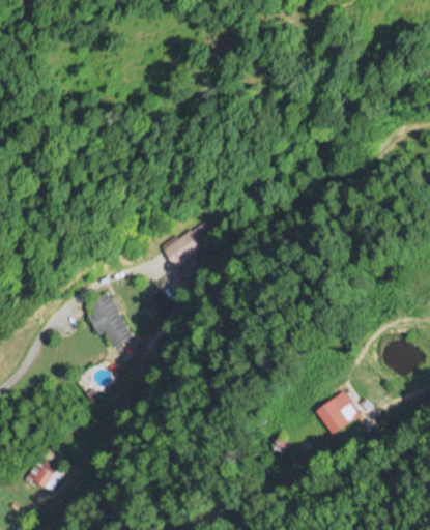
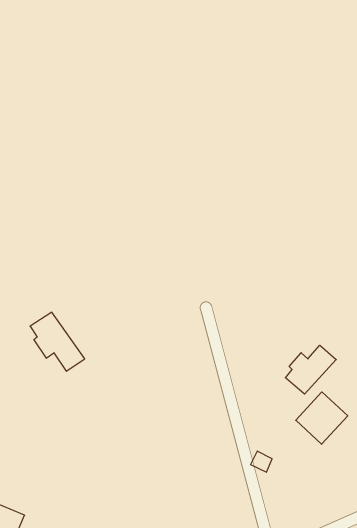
building: [163,224,211,268] -> none
building: none -> [285,345,336,394]

